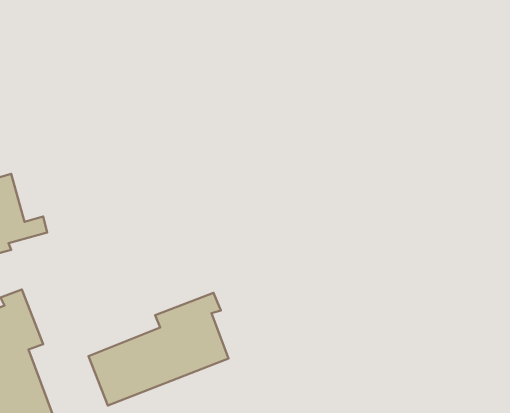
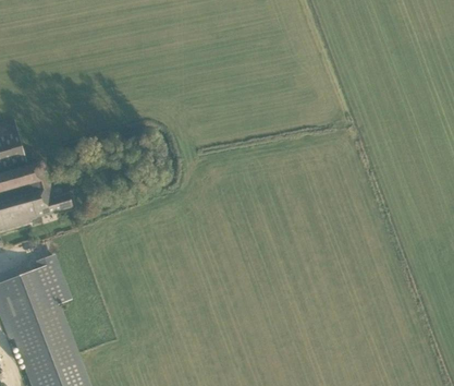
building: [88,293,229,406] -> none

